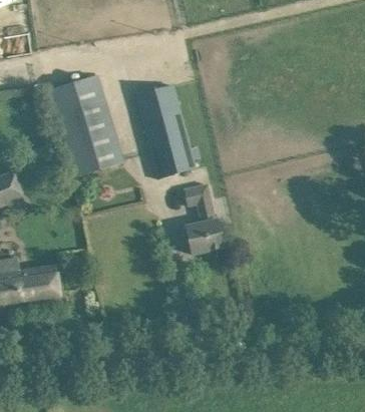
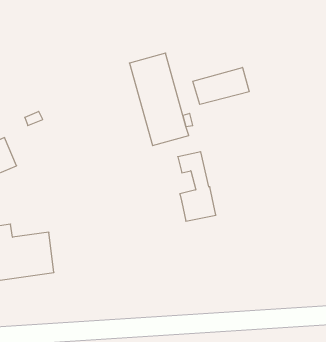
building: [51,76,123,176] -> none
building: none -> [193,67,249,104]

